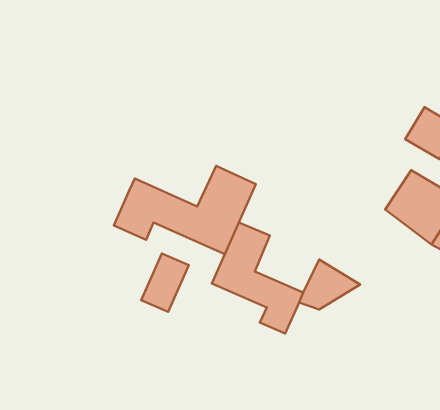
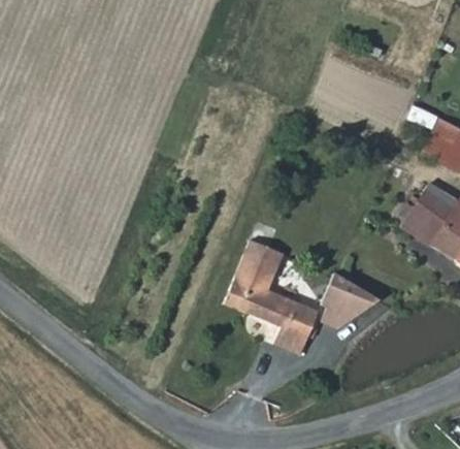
building: [114,166,256,254] -> none
building: [141,253,189,312] -> none

